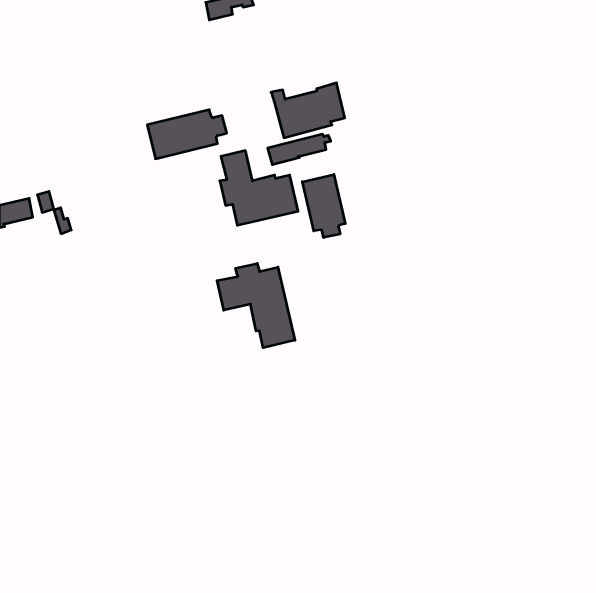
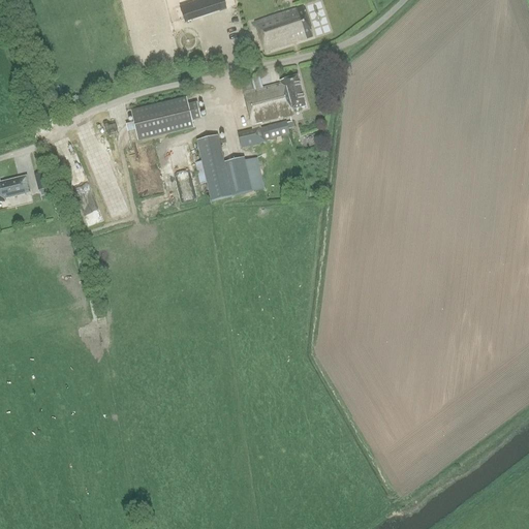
building: none -> [256,4,310,49]
building: [302,174,345,238] -> none
building: [217,263,295,348] -> none

